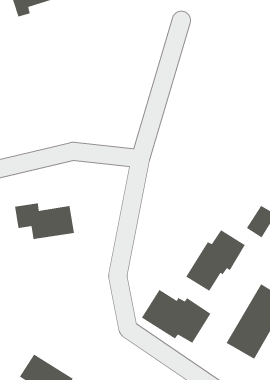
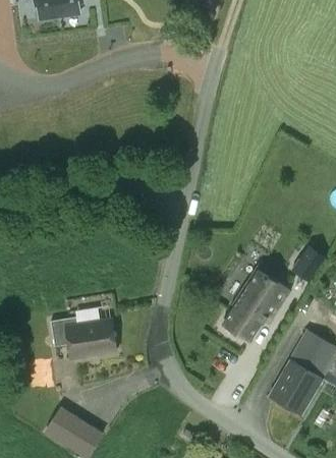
building: [14,203,75,240] -> [51,317,117,357]
building: [141,289,212,344] -> none

